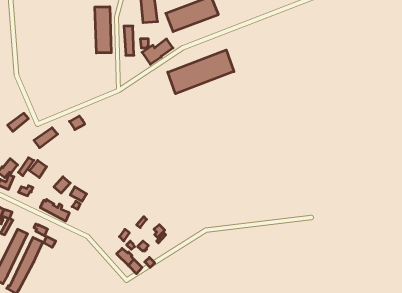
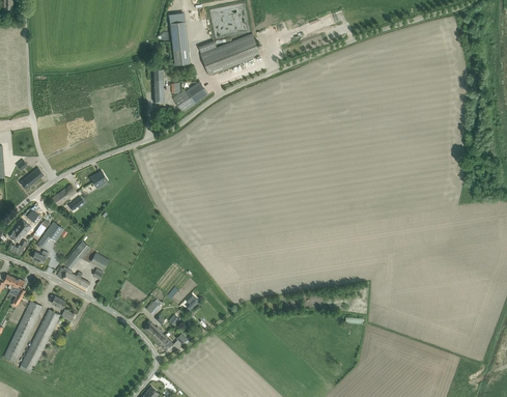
building: [95,7,111,53] -> none
building: [168,50,234,94] -> none

